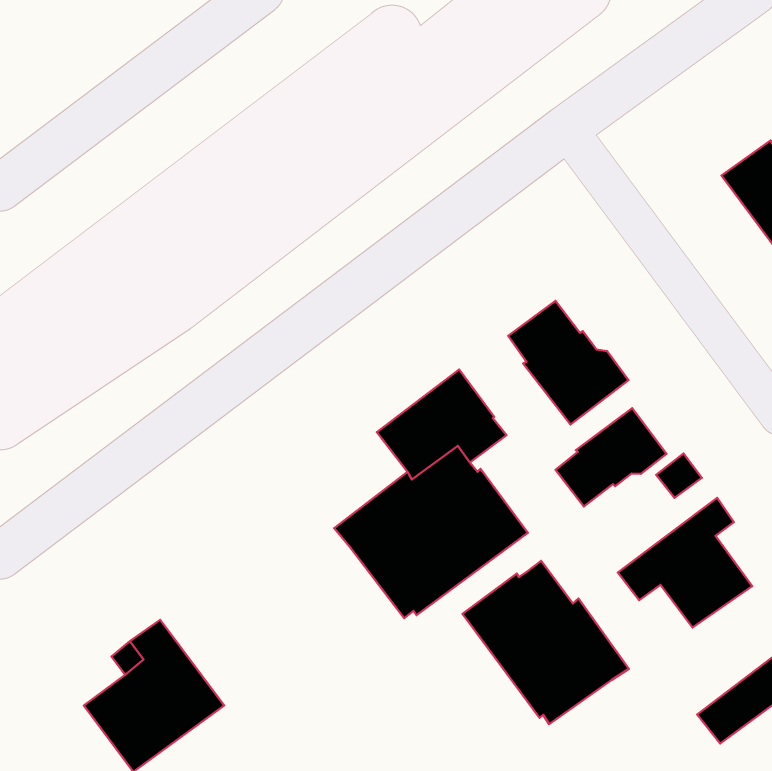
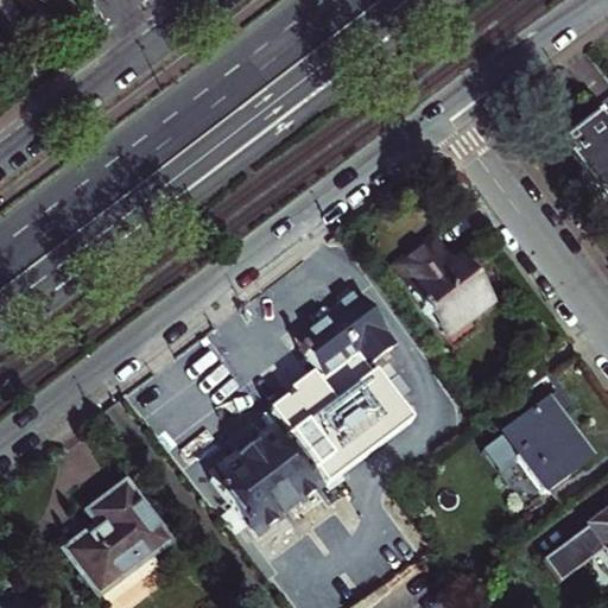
building: [555,408,667,506] -> none
building: none -> [214,425,322,530]
building: [462,561,629,724] -> none

